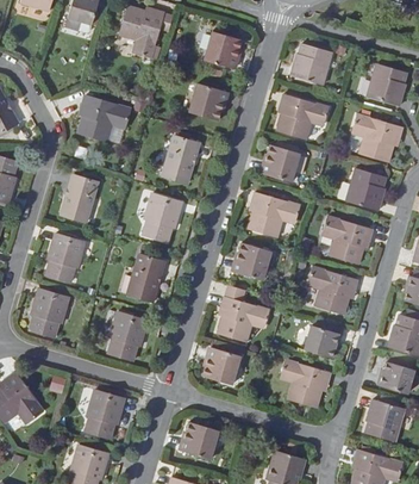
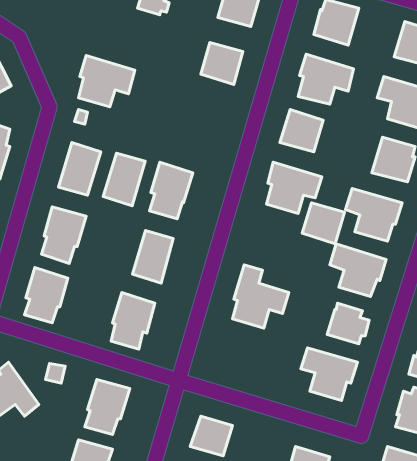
building: [162,136,200,184] -> [103,153,145,206]
building: [233,243,271,280] -> [302,203,344,244]
building: [201,347,240,384] -> none

